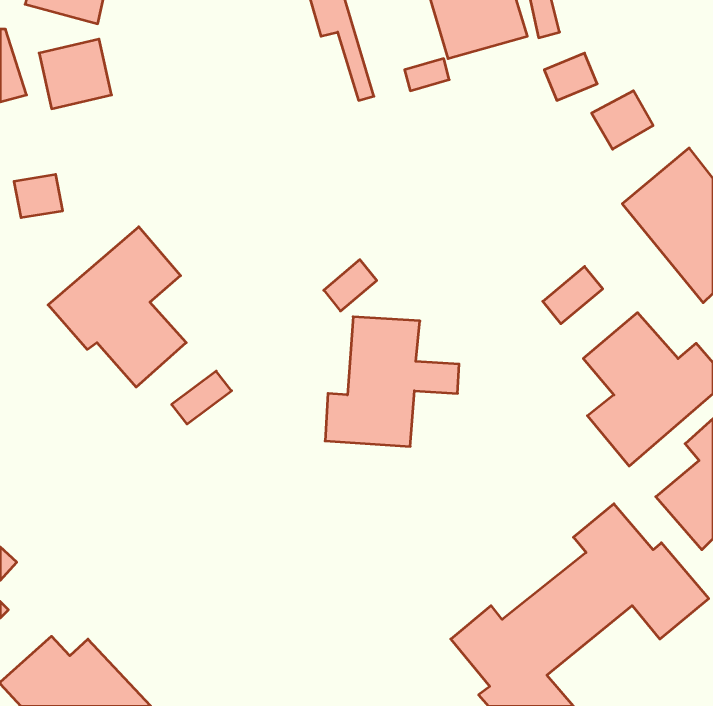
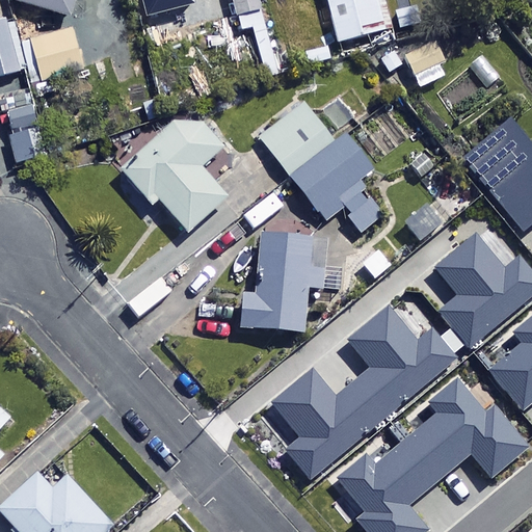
building: none -> [257,99,381,230]
building: [48,227,186,387] -> [124,112,227,232]
building: none -> [270,304,458,479]

